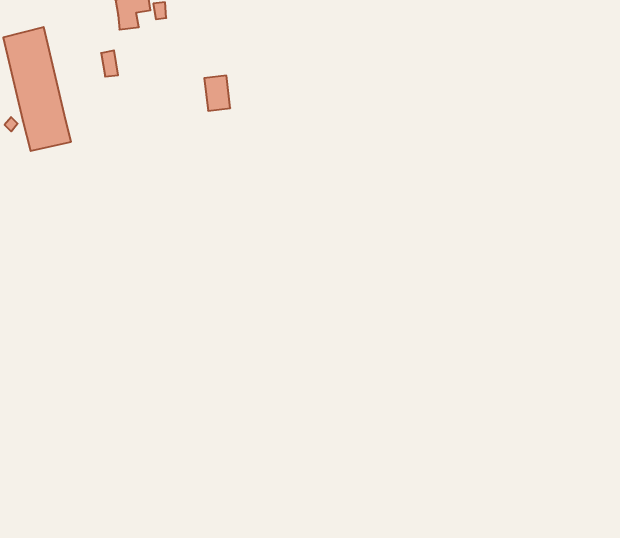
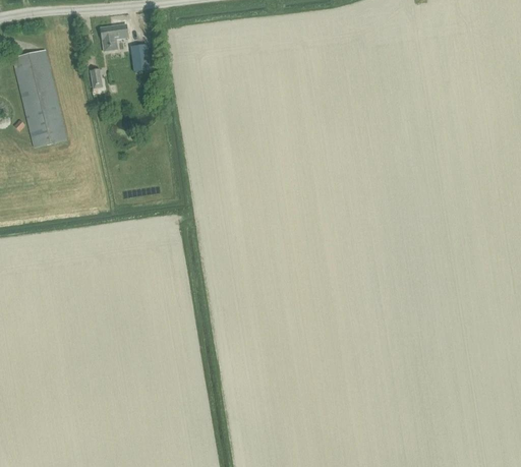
building: [204,76,230,111] -> [130,44,151,71]

